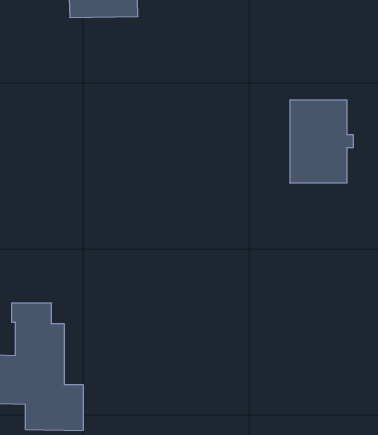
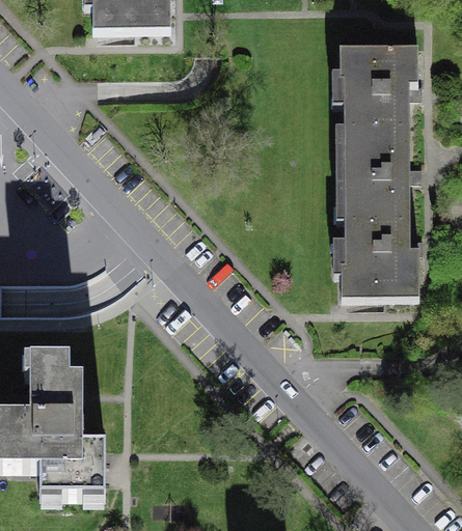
building: none -> [337,45,415,122]
building: none -> [338,217,416,295]

